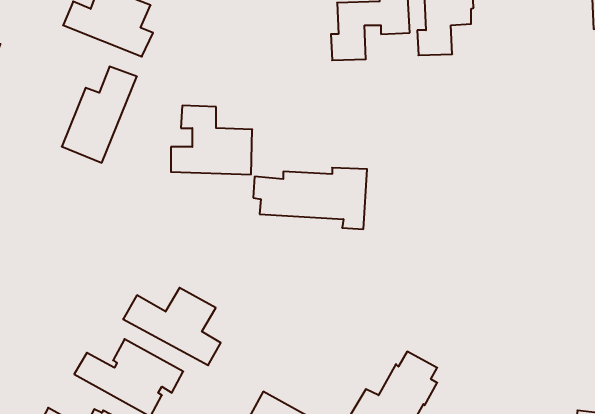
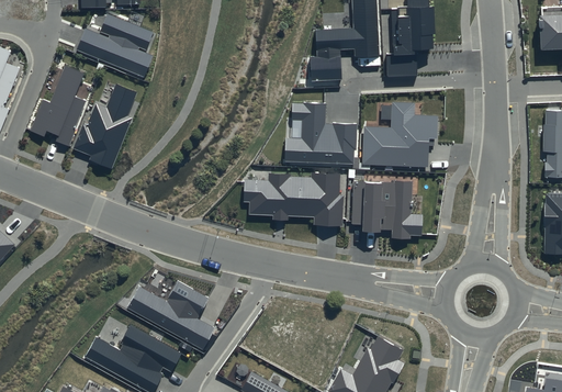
building: none -> [29,65,86,148]
building: none -> [363,103,432,168]
building: [171,106,252,174] -> [283,102,355,163]
building: none -> [350,180,422,239]

